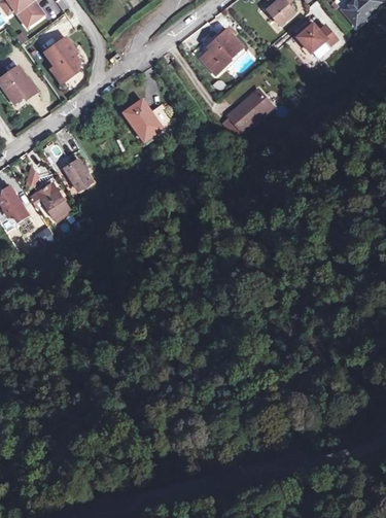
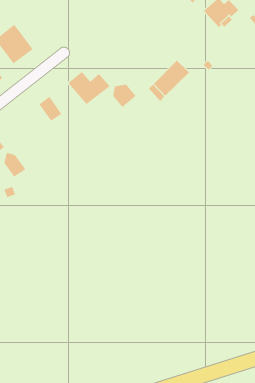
building: [199,31,241,76] -> none
building: none -> [112,84,136,108]
building: [63,159,91,189] -> [39,96,62,121]

